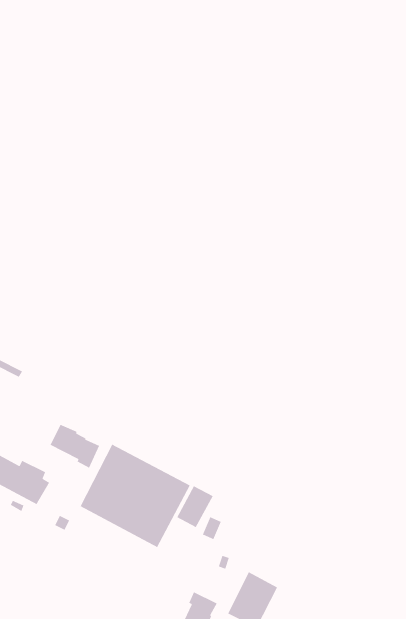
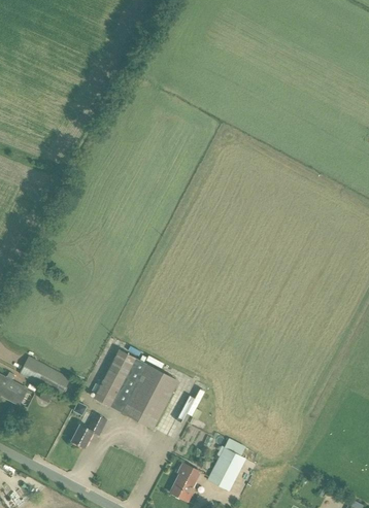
building: [49,424,100,469] -> none
building: none -> [71,414,105,448]

